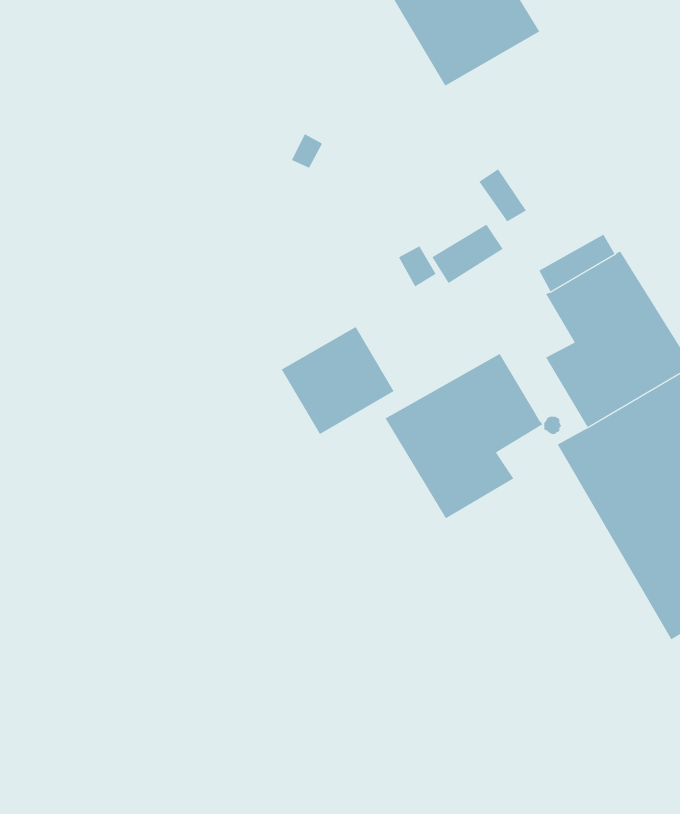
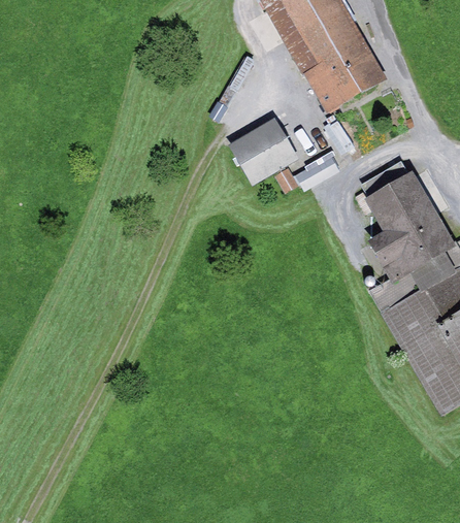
building: none -> [304,37,387,112]
building: [281,326,395,435] -> [229,118,299,185]
building: [385,353,544,519] -> none

